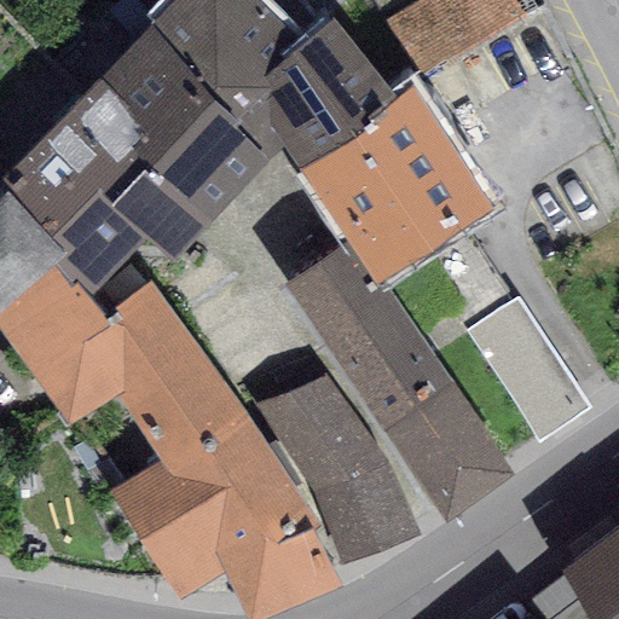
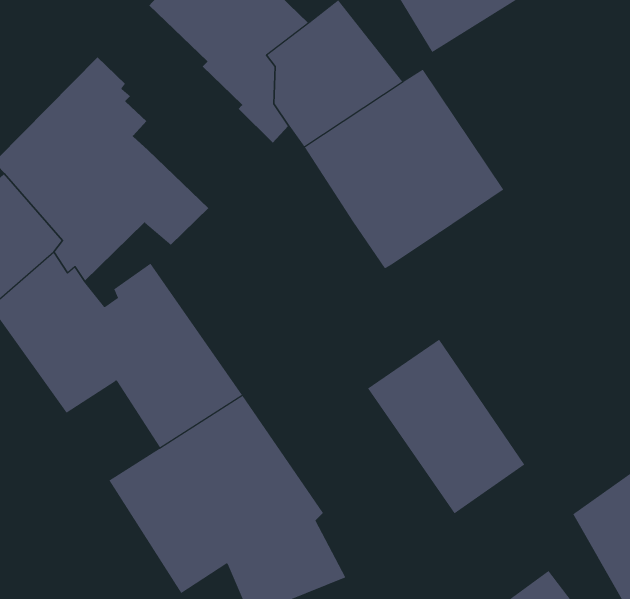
building: [99,29,270,226] -> none
building: [283,239,432,401] -> none
building: [465,289,592,436] -> none
building: [241,366,421,560] -> none

